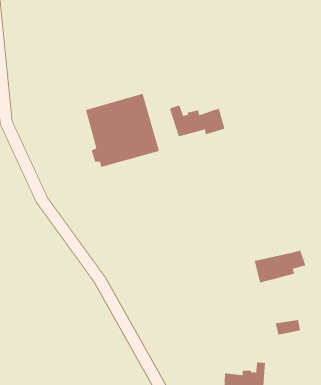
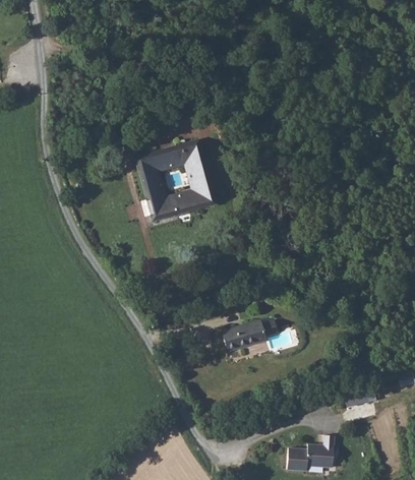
building: [169,105,225,137] -> none
building: [254,250,306,283] -> [221,315,279,352]

